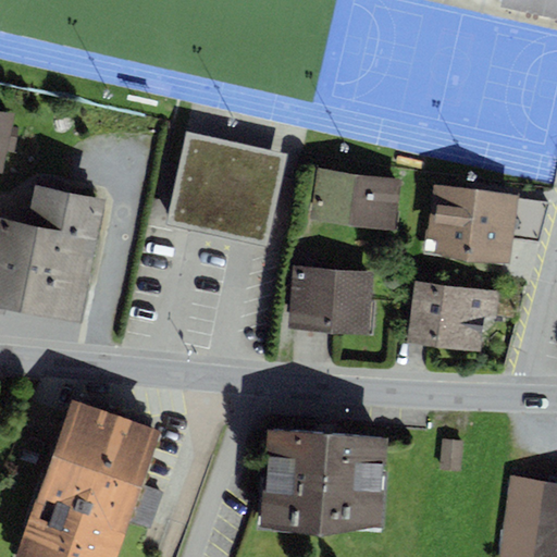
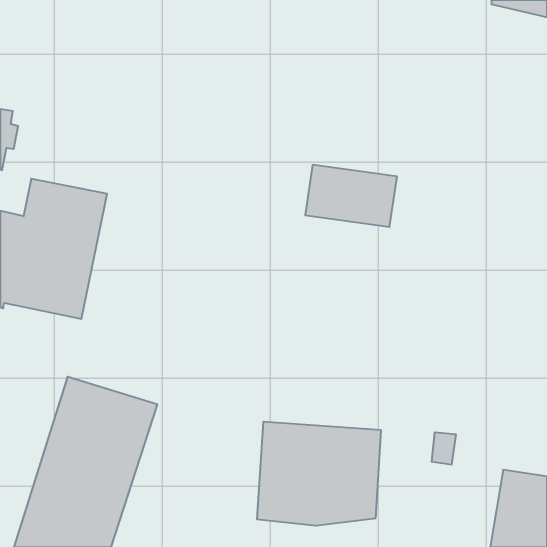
building: [165,133,286,246] -> none
building: [425,185,550,262] -> none
building: [287,265,373,335] -> none
building: [407,282,521,351] -> none

